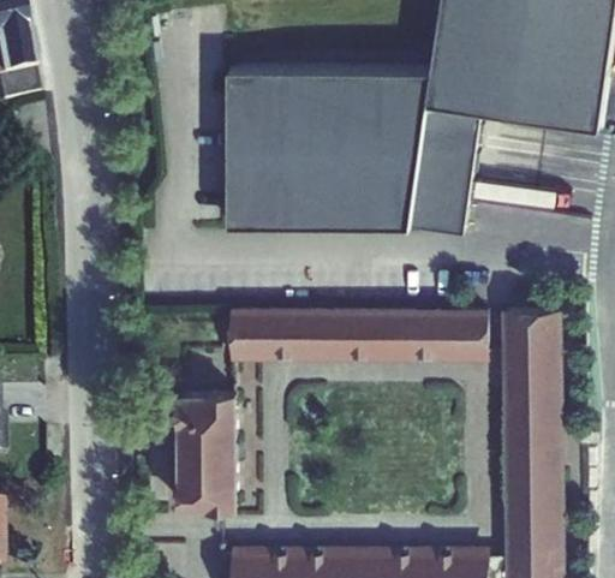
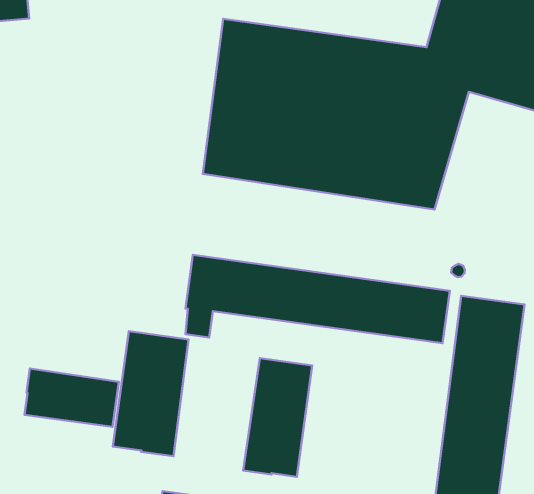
building: none -> [243,358,312,477]
building: none -> [24,369,119,427]

